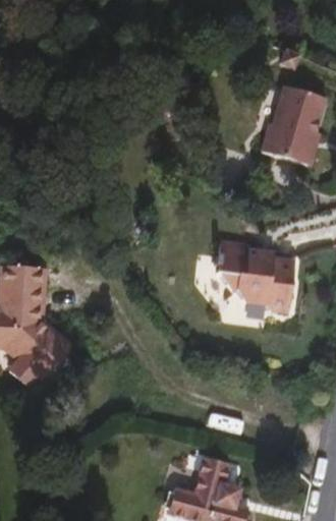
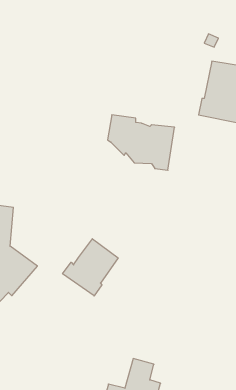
building: [212,244,294,312] -> [108,115,175,170]
building: none -> [63,239,118,296]

